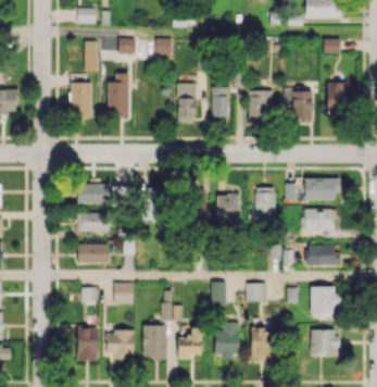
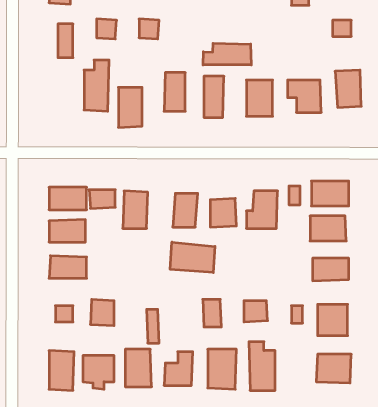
building: none -> [203,43,251,65]
building: [71,83,91,117] -> [118,87,142,127]
building: none -> [170,242,215,273]

